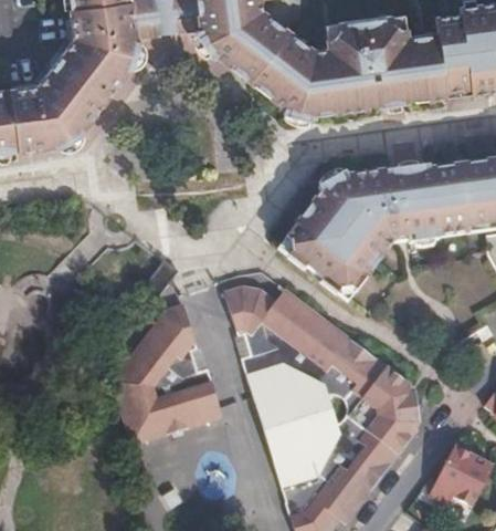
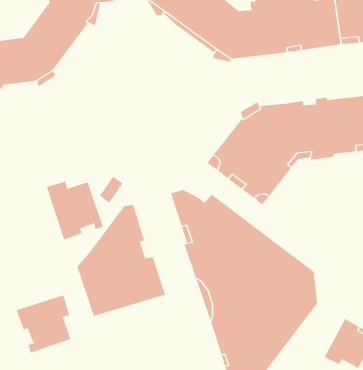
building: none -> [46,181,104,241]
building: none -> [16,294,71,353]

